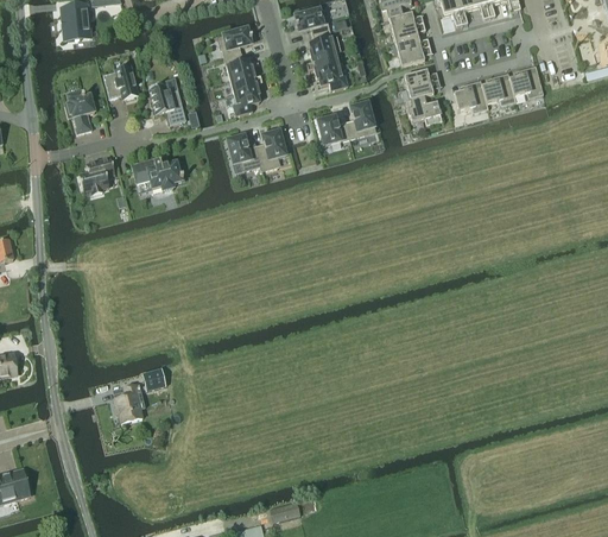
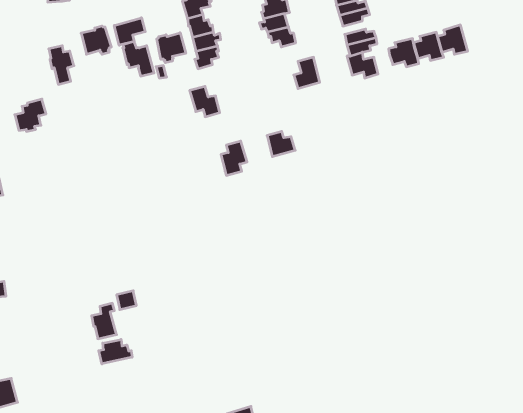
building: none -> [114,18,145,45]
building: none -> [157,33,186,63]
building: [317,115,349,144] -> [267,131,295,157]
building: [255,129,285,169] -> [221,141,247,175]
building: [78,156,114,192] -> [15,99,46,131]
building: [134,158,183,190] -> none
building: none -> [99,339,132,364]

